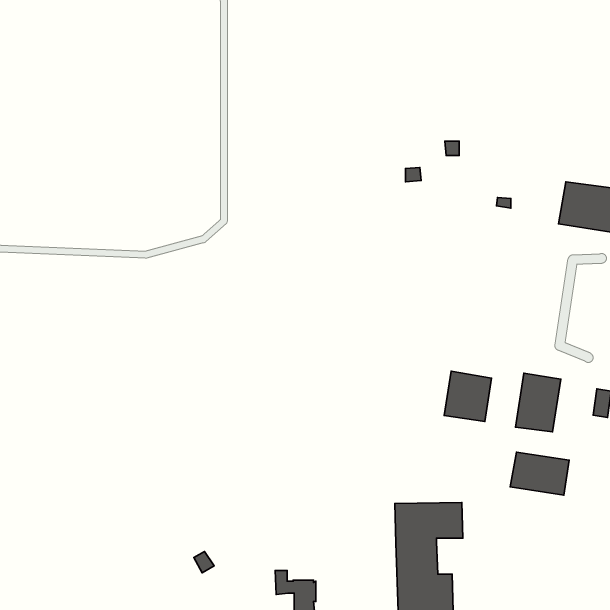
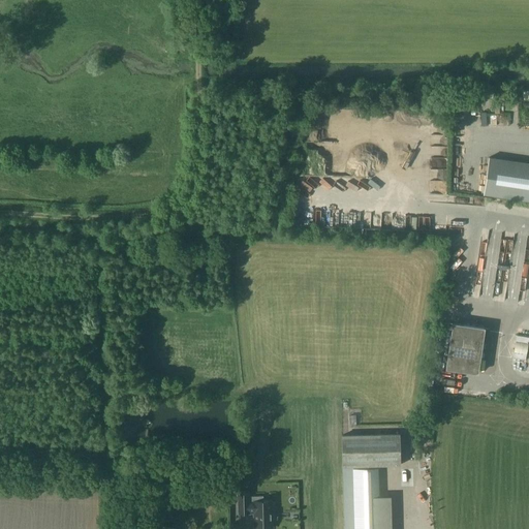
building: [444,371,491,421] -> none
building: [510,452,569,495] -> none

